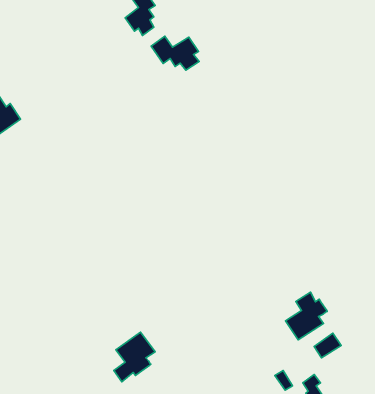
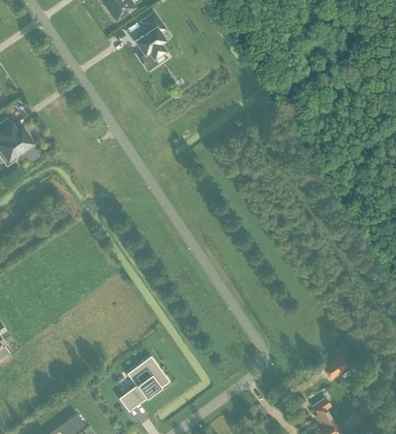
building: [151,36,199,70] -> none
building: [286,292,327,340] -> none

